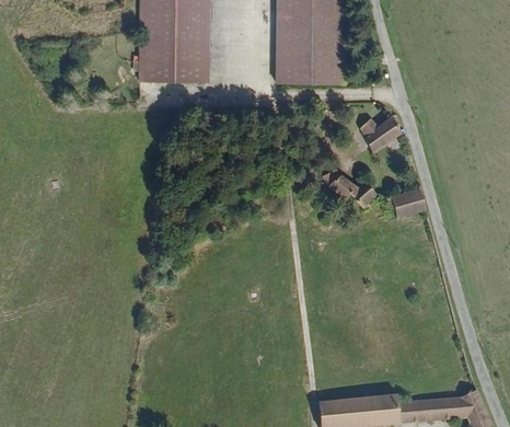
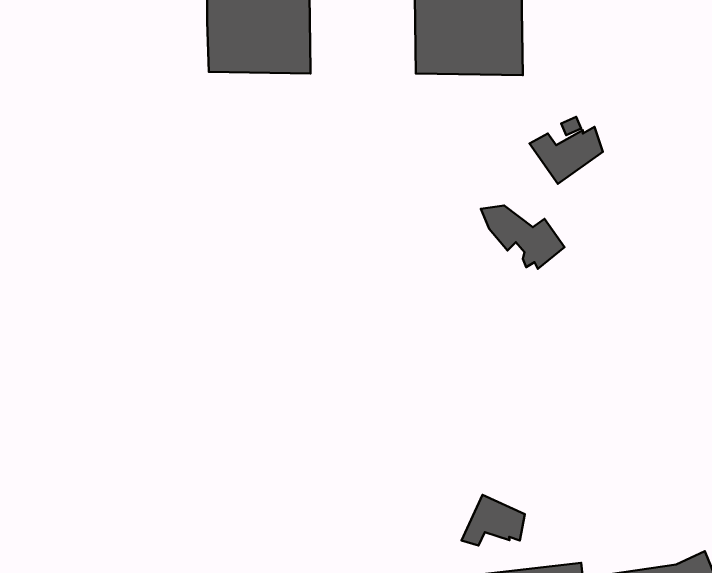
building: [391,185,422,212] -> none
building: none -> [462,495,525,546]

